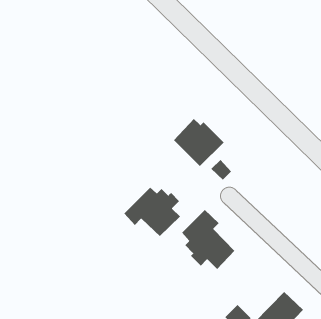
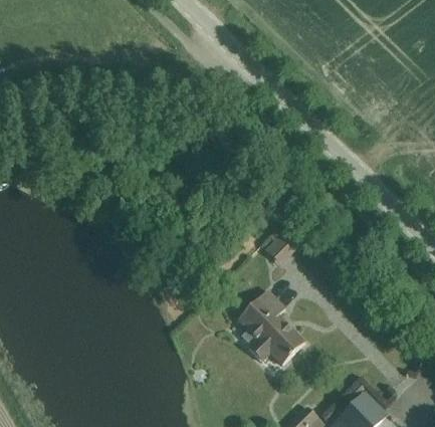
building: [173,118,224,167] -> none
building: [123,187,181,237] -> none

